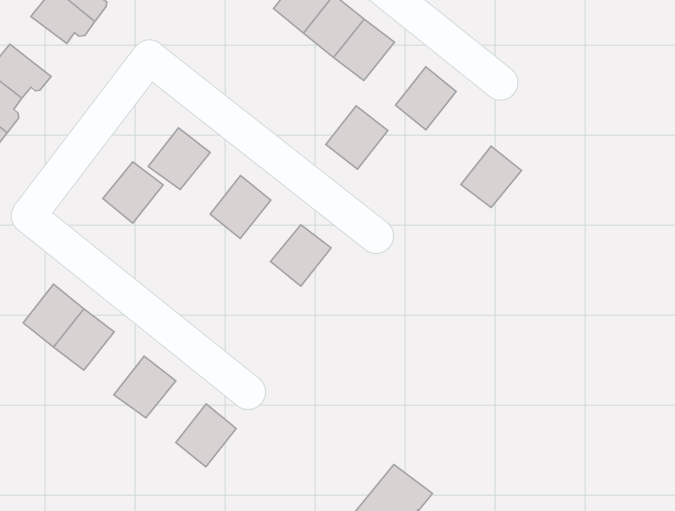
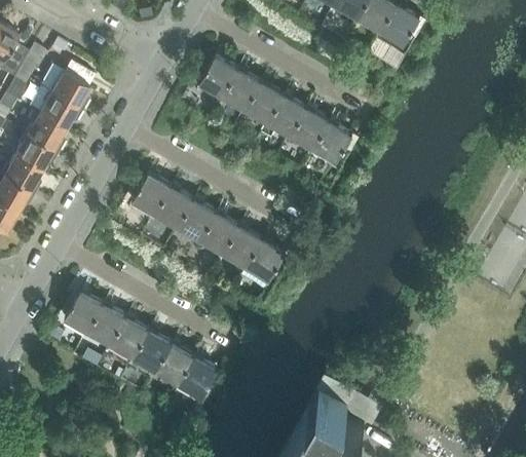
building: none -> [26,115,64,153]
building: [326,106,388,169] -> [266,96,306,138]
building: [461,146,521,208] -> [312,122,351,163]
building: [103,162,163,223] -> [154,188,193,229]
building: none -> [199,214,238,255]
building: none -> [245,239,285,281]
building: none -> [108,317,147,359]
building: none -> [154,344,193,385]

